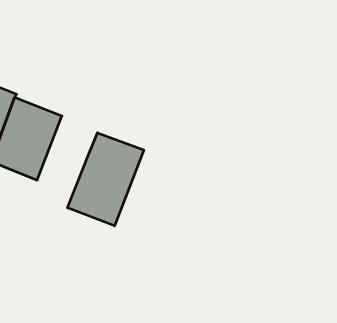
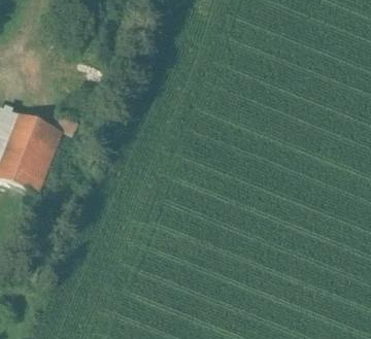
building: [68,133,144,226] -> none

